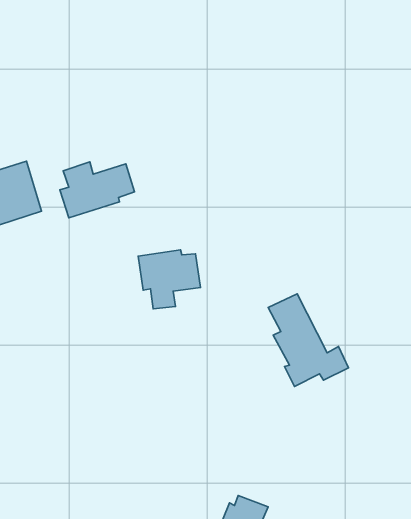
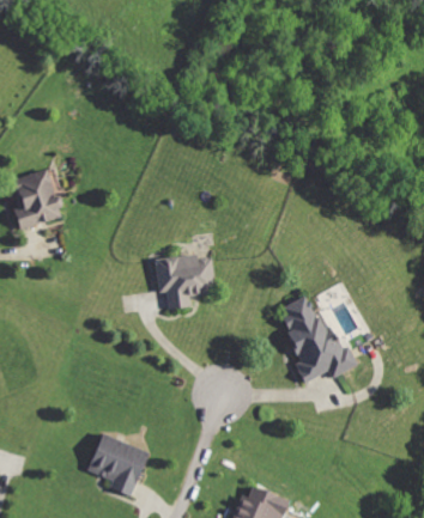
building: [60,162,135,218] -> none
building: none -> [87,433,149,496]

